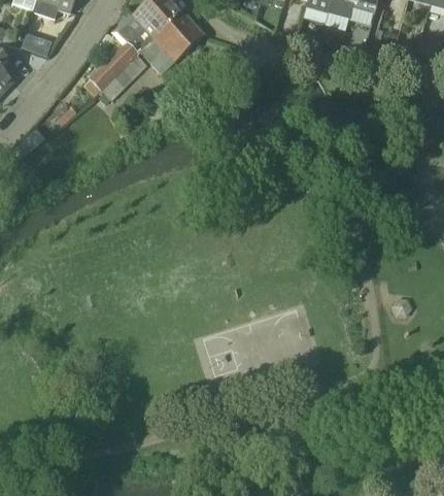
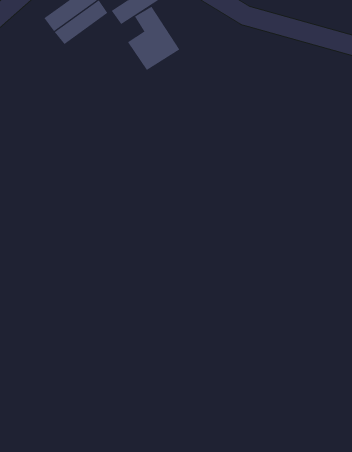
building: none -> [127,6,180,71]

